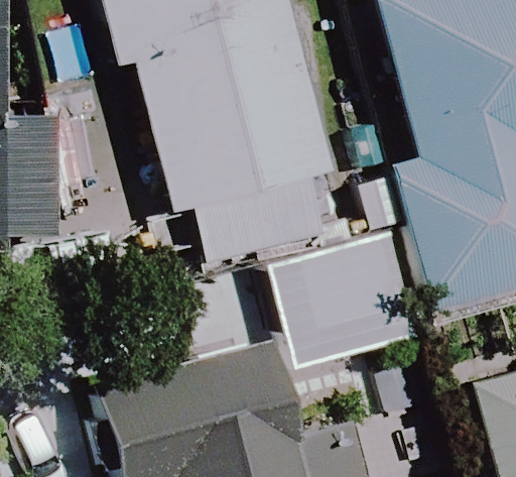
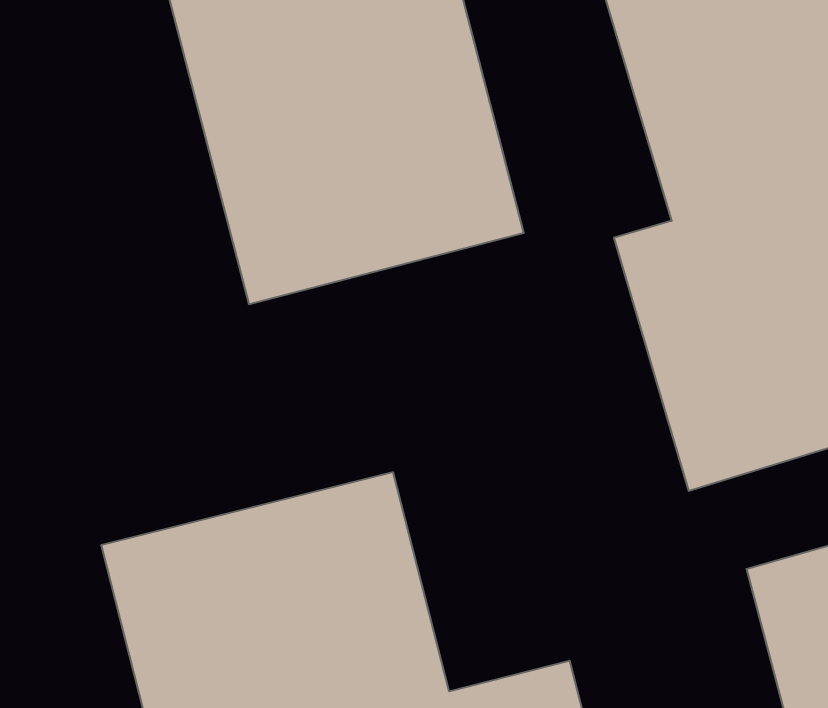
building: [259,242,409,380] -> none

